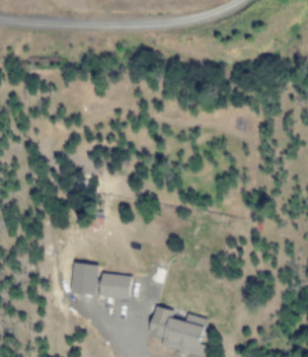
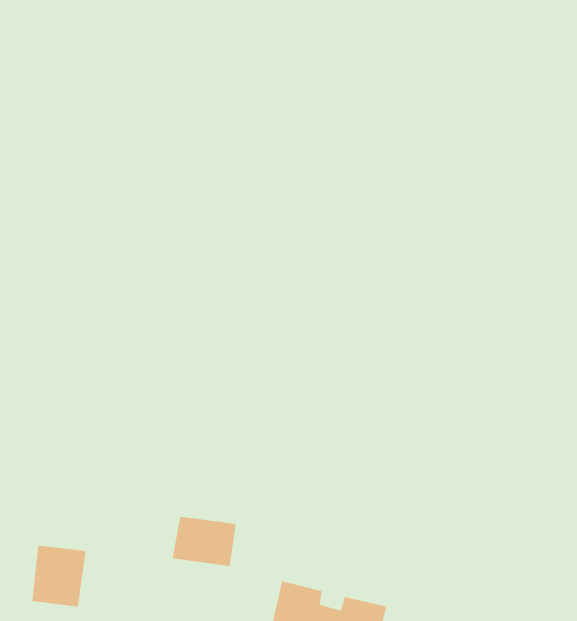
building: [70,262,98,294] -> [31,545,86,608]

